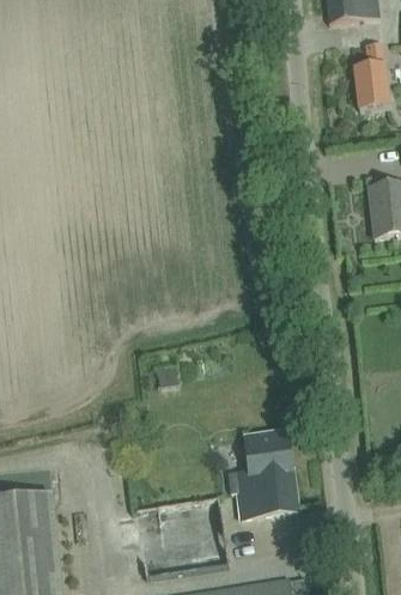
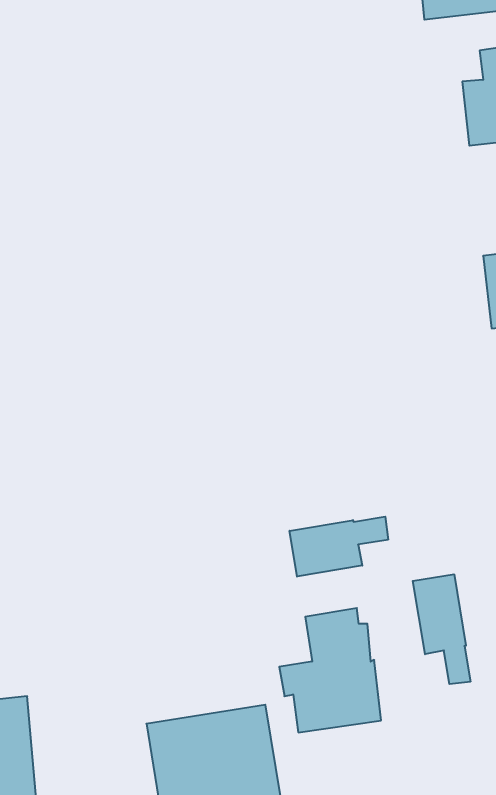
building: none -> [290,517,388,577]
building: none -> [413,574,470,684]

